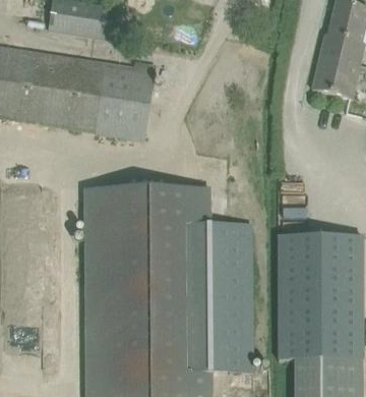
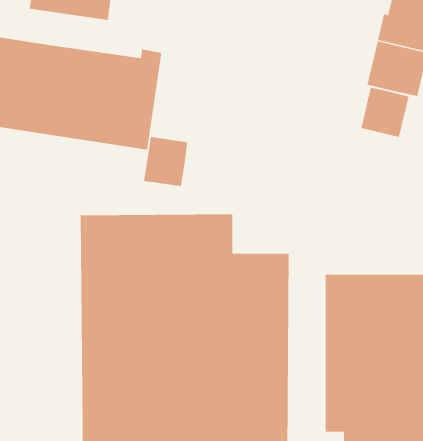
building: none -> [361,87,409,138]
building: none -> [143,136,188,187]

